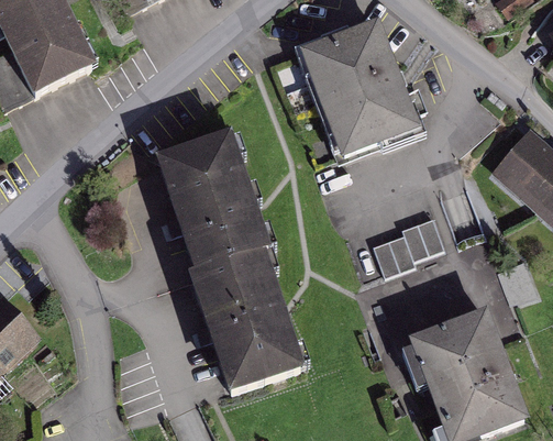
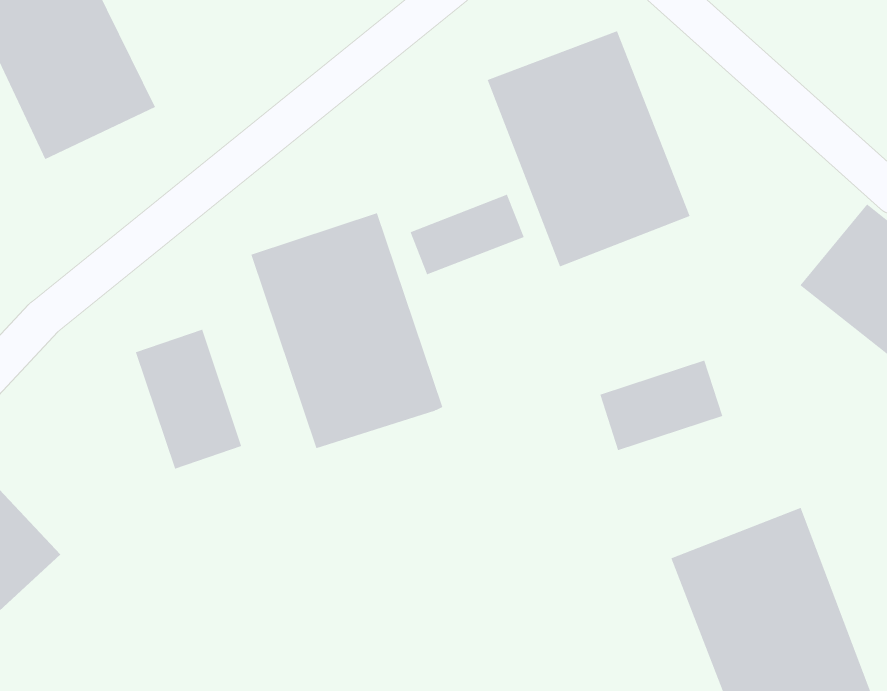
building: none -> [410,194,524,275]
building: none -> [135,329,242,469]
building: [190,249,306,390] -> none

